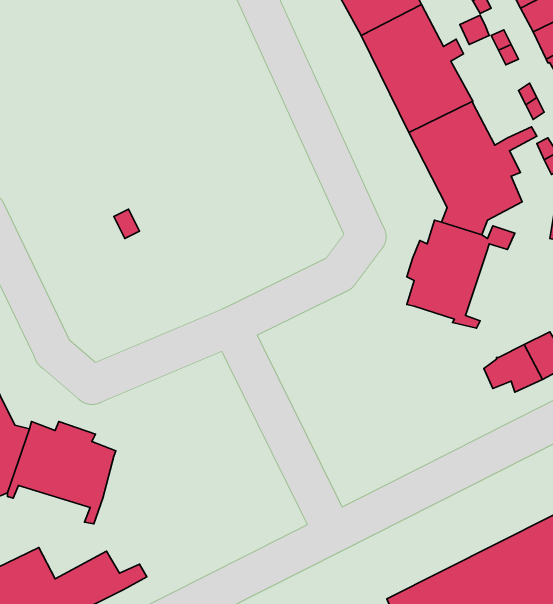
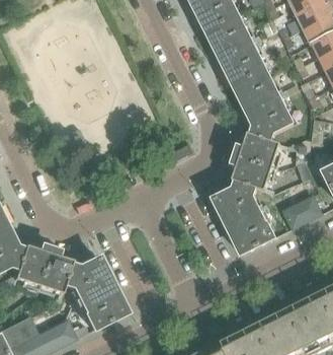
building: none -> [213,180,277,253]
building: none -> [63,254,124,328]

